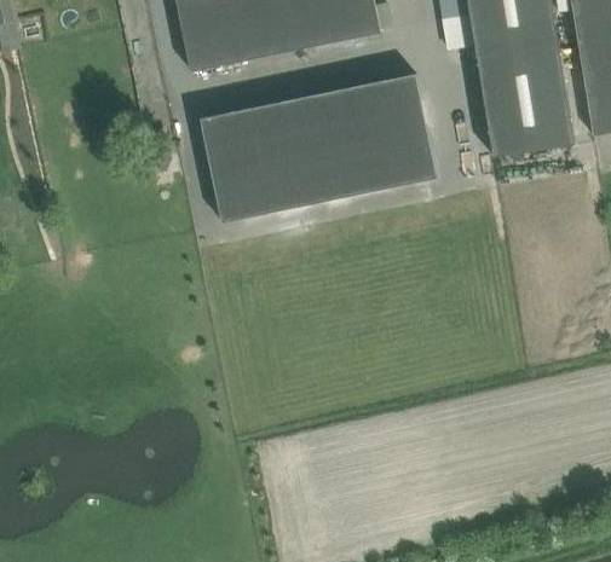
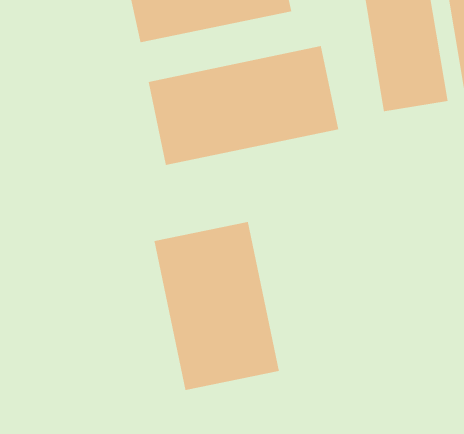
building: none -> [154,221,279,391]

